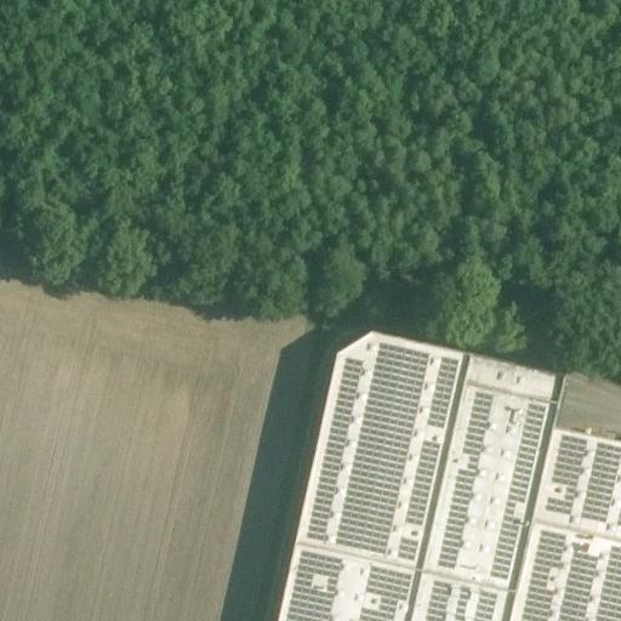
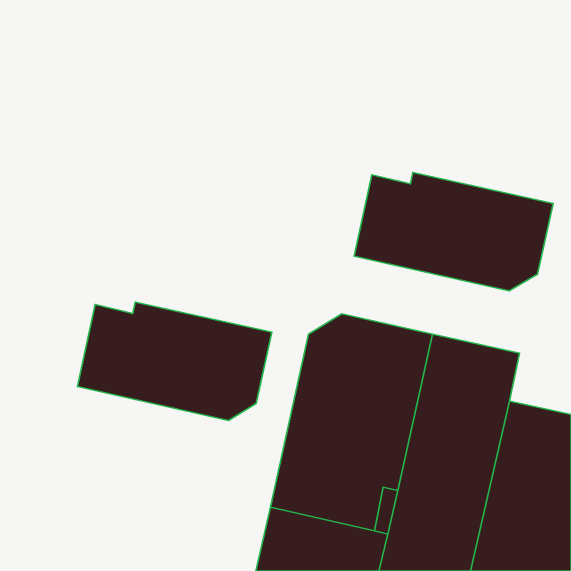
building: none -> [354,173,553,291]
building: none -> [77,302,272,420]

